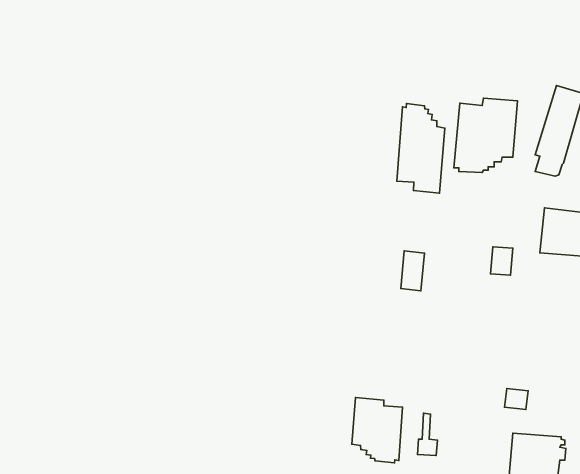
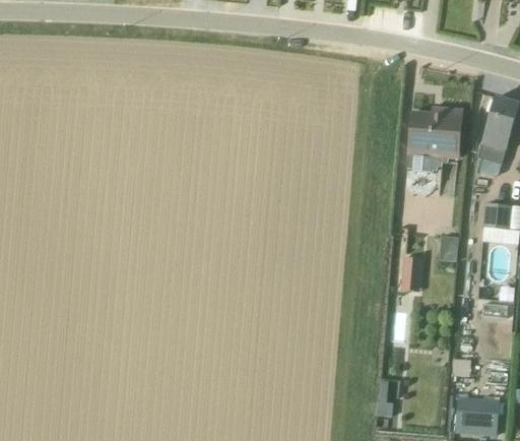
building: [397,103,445,193] -> none
building: [401,251,424,291] -> [401,255,421,290]
building: [352,397,402,463] -> none

